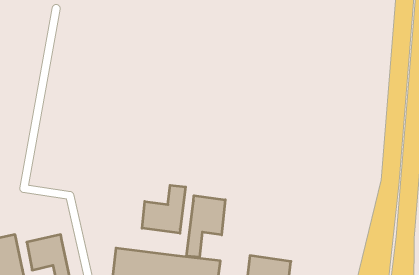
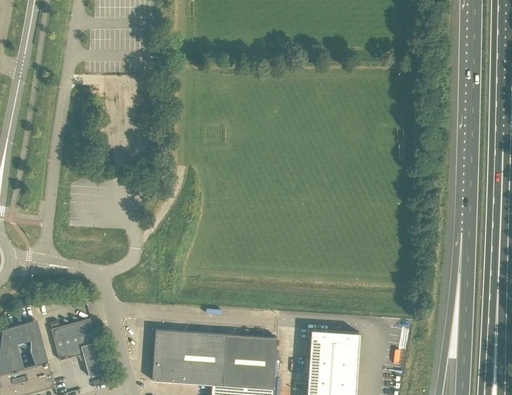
building: [142,185,186,233] -> none
building: [187,196,225,257] -> none

